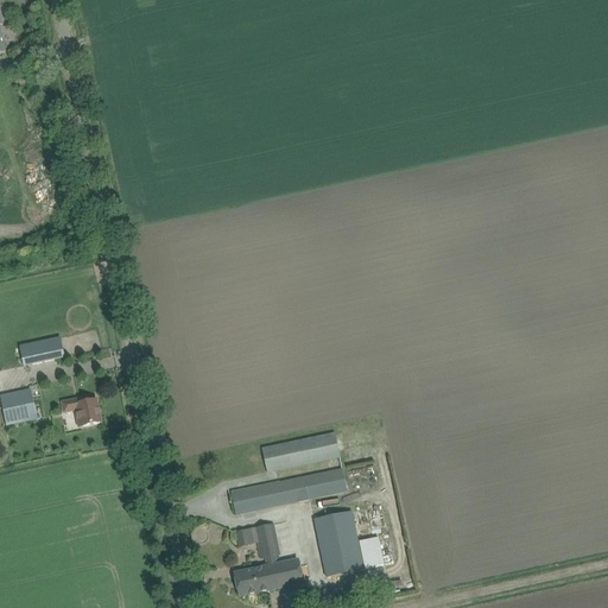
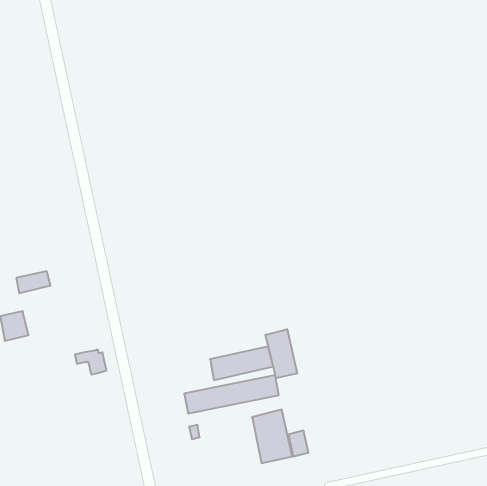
building: [61,394,100,425] -> [75,350,106,374]
building: none -> [265,329,297,378]
building: [234,522,302,595] -> none

